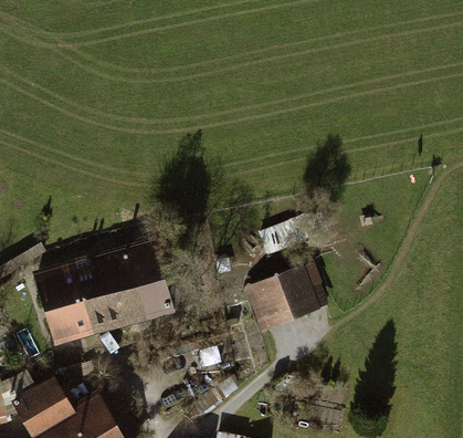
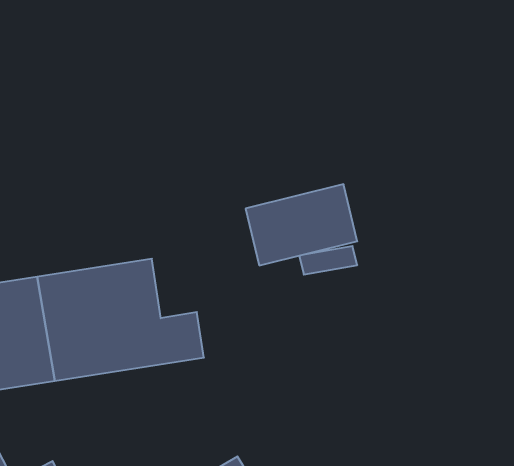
building: [244,267,326,330] -> [246,184,357,265]

